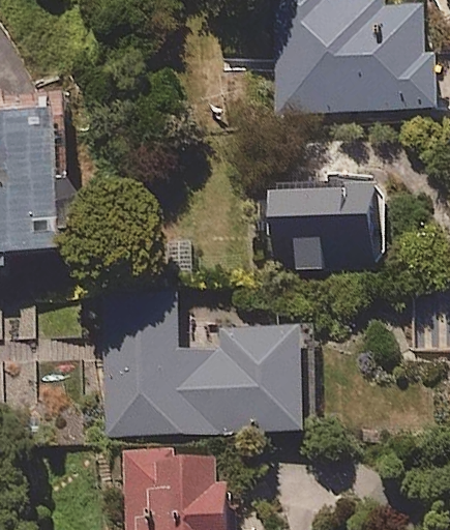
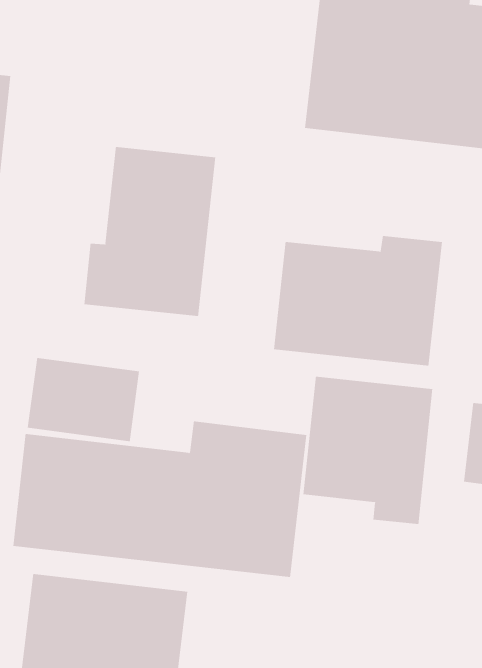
building: none -> [84,146,216,317]
building: none -> [303,376,433,525]

